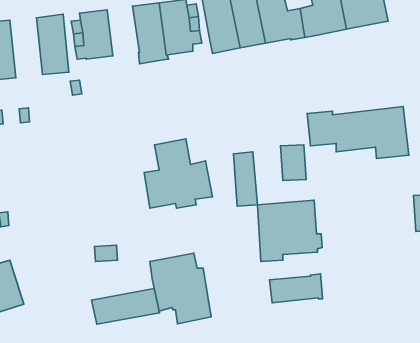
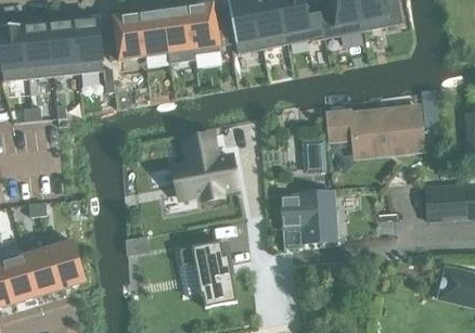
building: none -> [139,9,169,55]
building: none -> [48,20,78,76]
building: [234,152,257,206] -> none
building: none -> [48,240,86,289]
building: [270,274,323,303] -> none
building: [92,289,159,324] -> none

